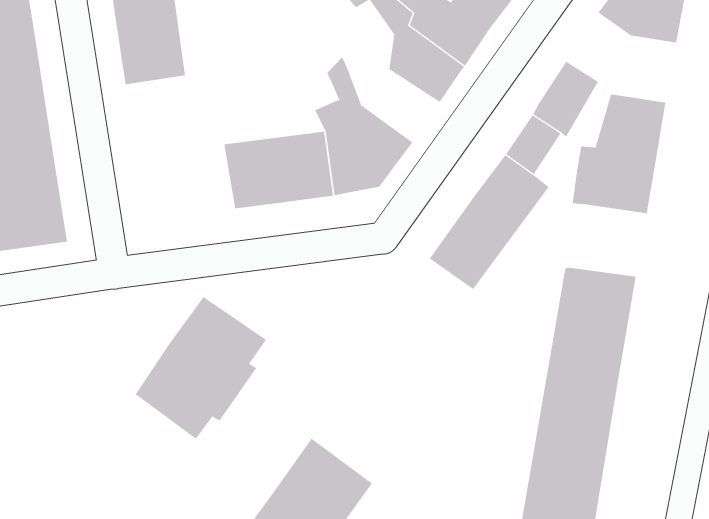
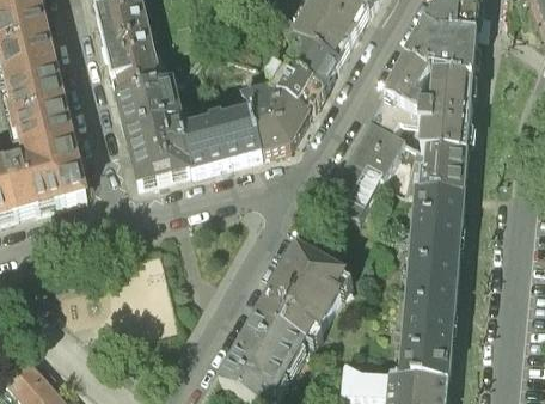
building: none -> [404,17,476,72]
building: none -> [262,66,324,112]
building: none -> [116,78,195,180]
building: none -> [417,143,466,188]
building: [135,296,267,440] -> [258,244,342,338]

